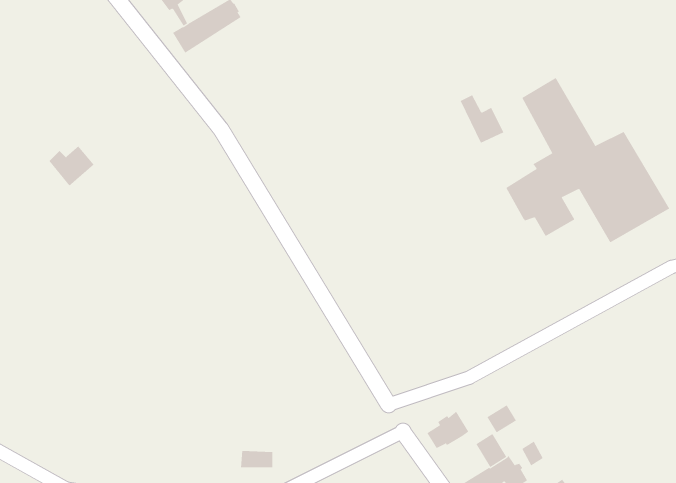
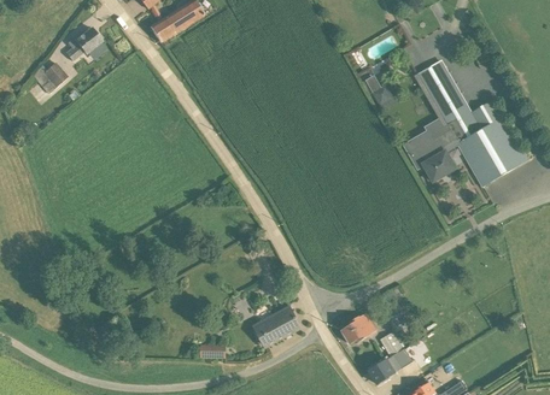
building: none -> [63,29,99,61]
building: [49,145,94,187] -> [30,63,65,94]
building: none -> [254,307,300,347]

